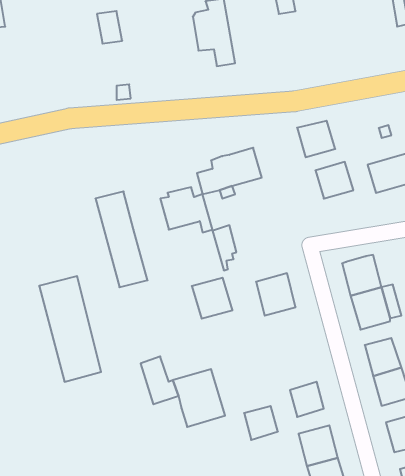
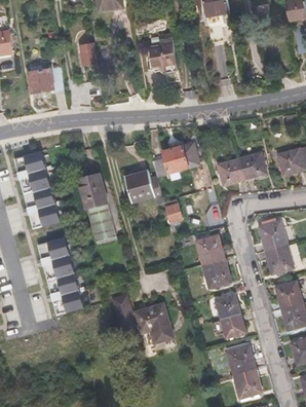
building: none -> [28,67,64,92]
building: [297,121,335,157] -> [217,158,244,185]
building: none -> [13,150,59,227]
building: [192,278,233,319] -> [201,258,231,288]
building: [244,406,278,440] -> [215,294,239,319]

